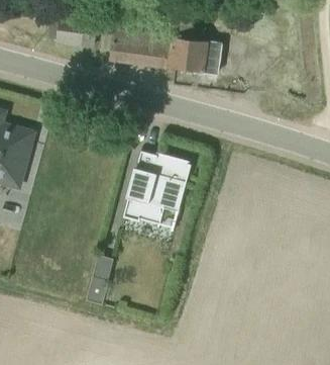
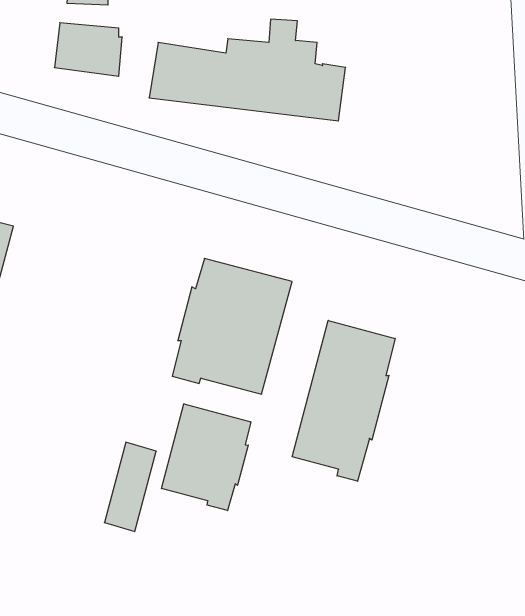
building: none -> [292,320,395,481]
building: none -> [162,404,251,511]

